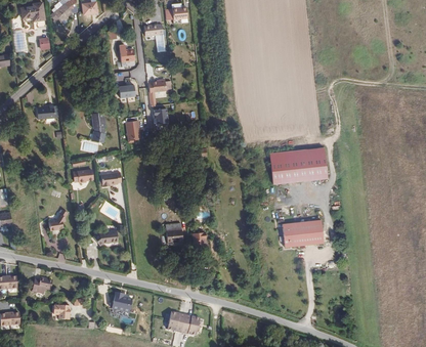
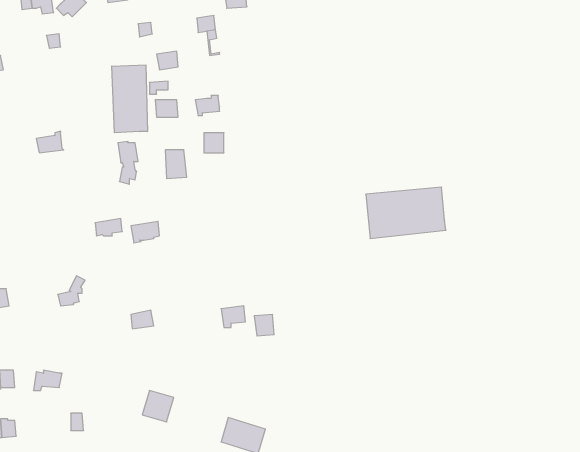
building: none -> [112,65,147,133]
building: [280,218,321,244] -> none

